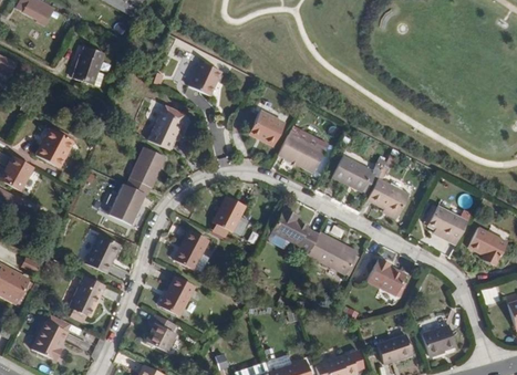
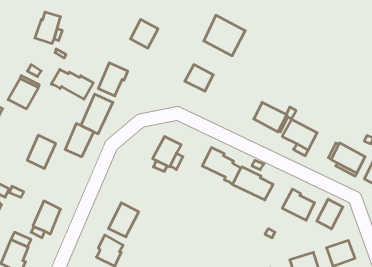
building: none -> [51,69,93,99]
building: [279,123,329,171] -> [204,15,245,56]
building: [173,230,209,272] -> none
building: [84,233,118,273] -> [27,135,56,168]
building: none -> [317,199,343,229]

